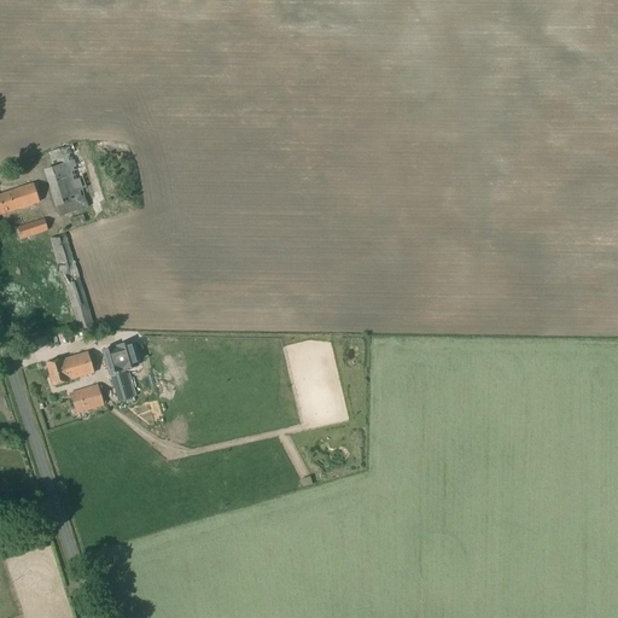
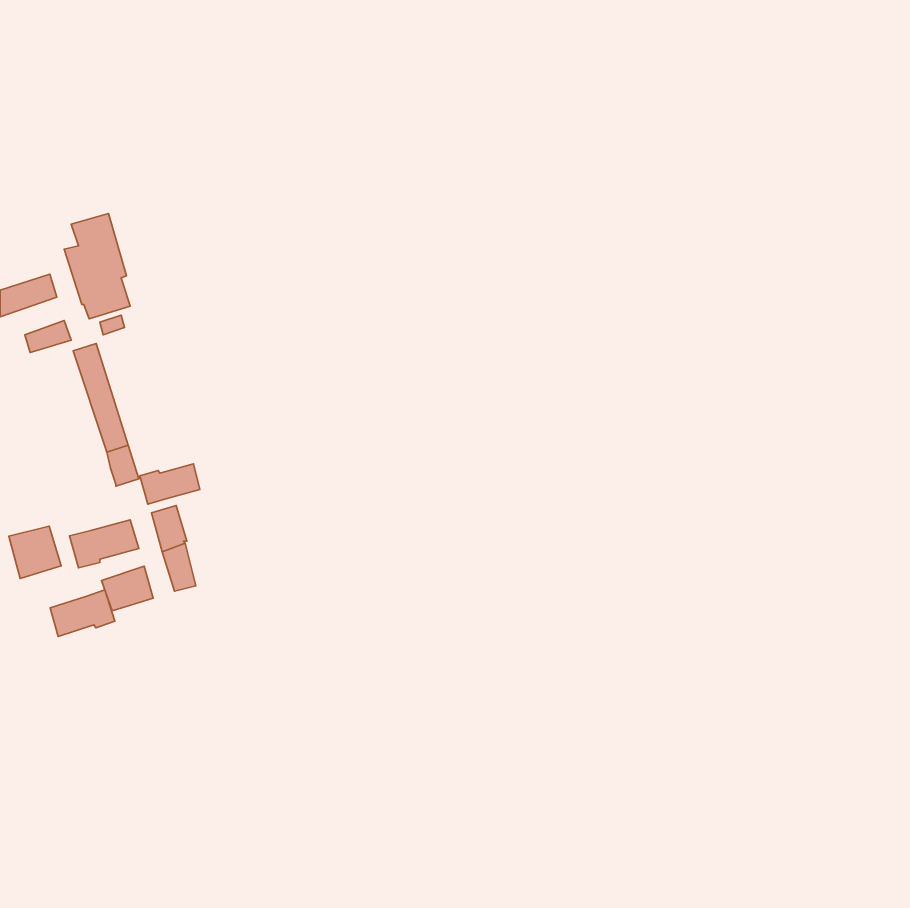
building: none -> [140,464,200,504]
building: none -> [9,526,61,578]
building: none -> [50,590,115,636]

